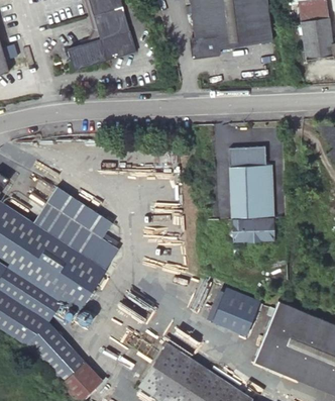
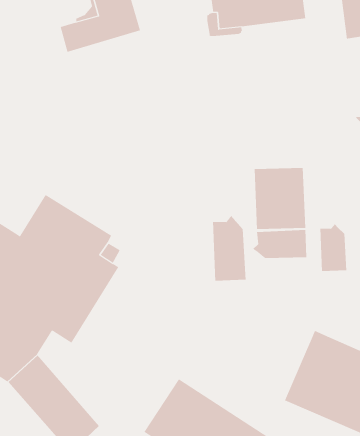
building: [228,146,265,166] -> none
building: none -> [213,215,246,282]
building: none -> [320,223,347,272]
building: [212,287,259,332] -> none

